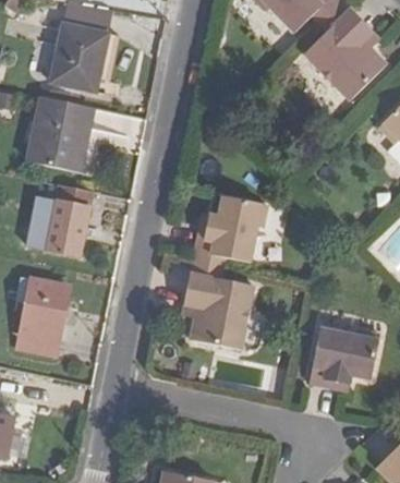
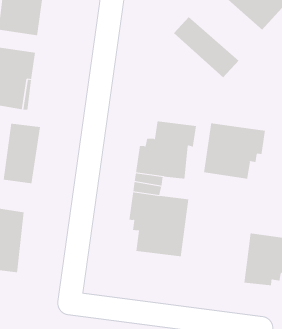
building: none -> [173,16,239,78]
building: none -> [204,122,265,180]

